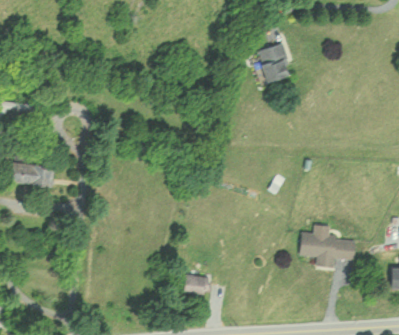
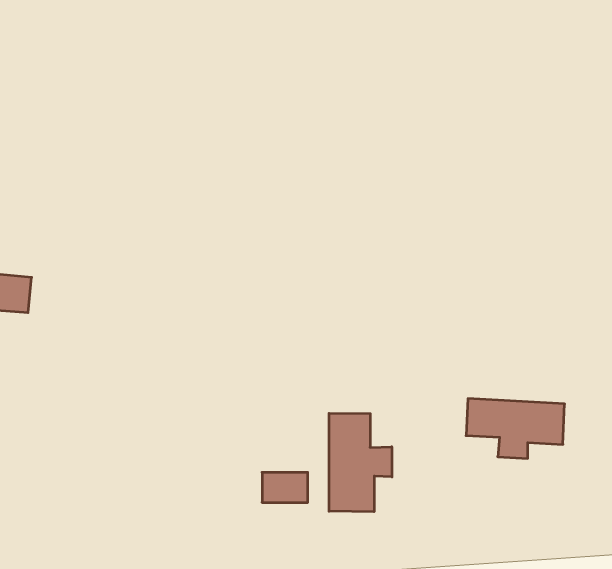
building: [256,44,290,81] -> none
building: none -> [329,413,392,512]

